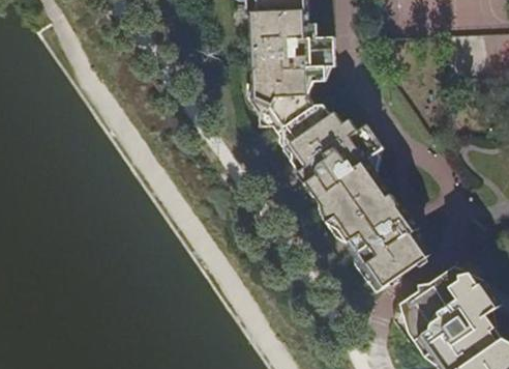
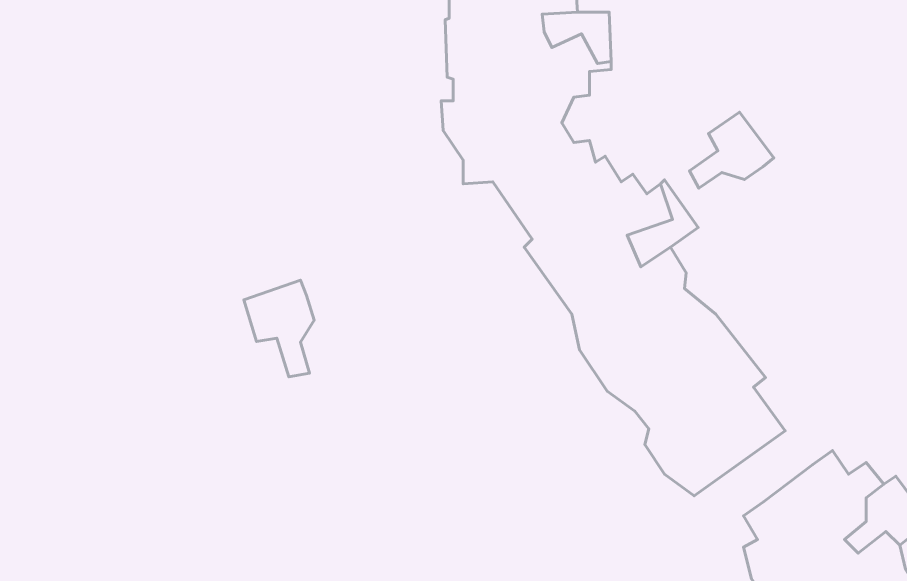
building: none -> [689,112,774,188]
building: none -> [244,280,314,377]

